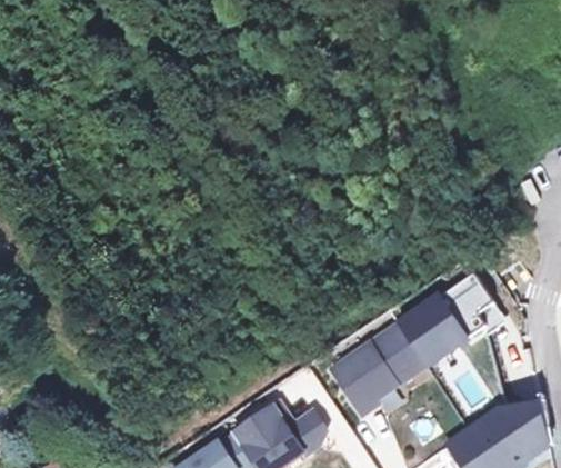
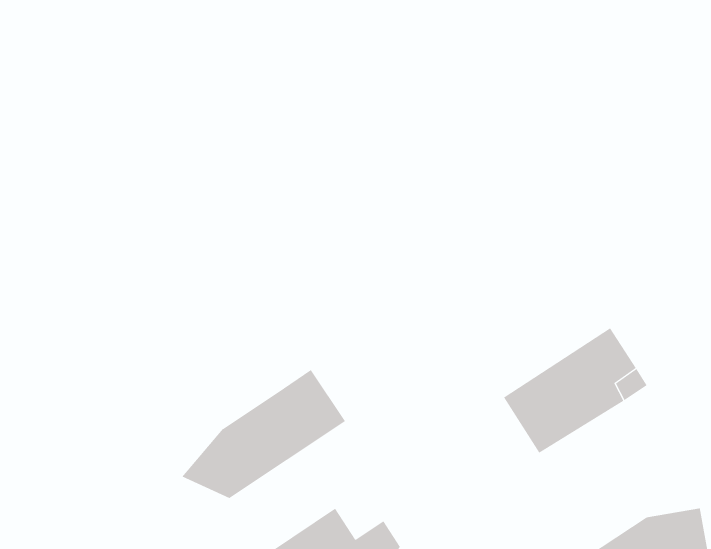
building: none -> [182,369,346,499]
building: [331,325,423,414] -> none

